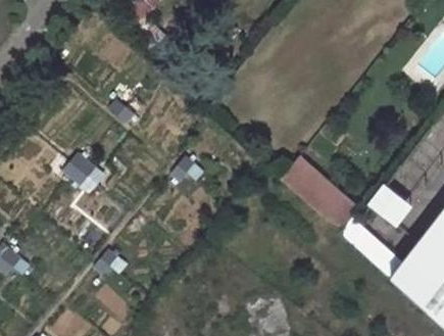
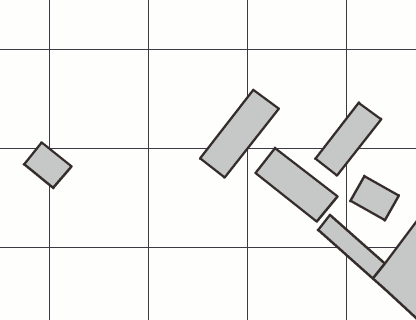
building: none -> [200,90,279,177]
building: none -> [315,103,381,175]

